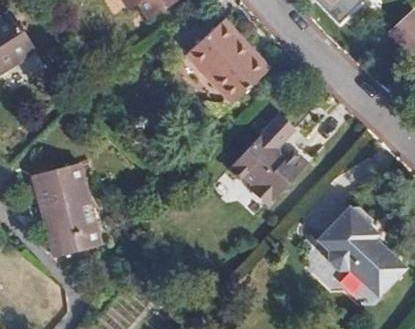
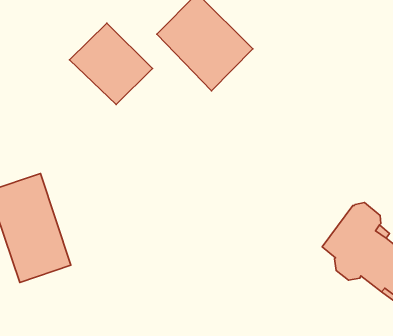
building: none -> [70,23,152,105]
building: [227,115,308,209] -> none

